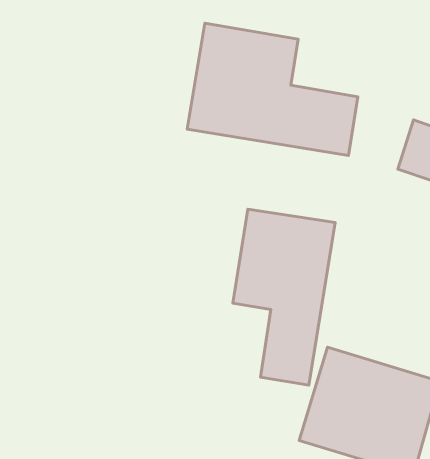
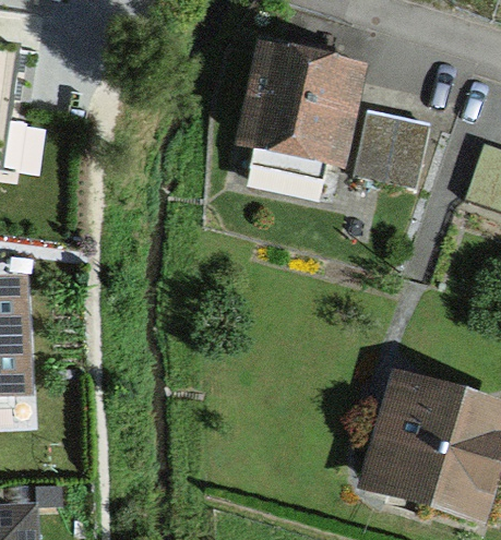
building: [233,209,335,385] -> none

